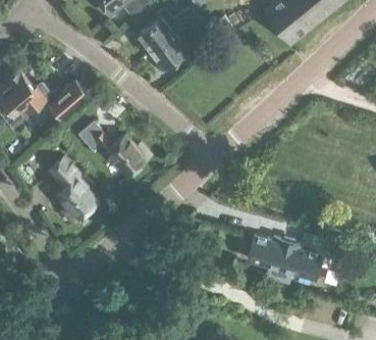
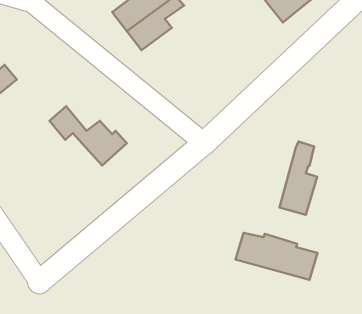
building: [48,79,90,119] -> none
building: none -> [279,142,317,215]
building: [48,155,99,225] -> none

